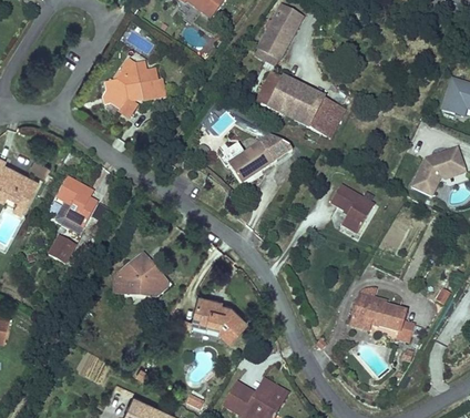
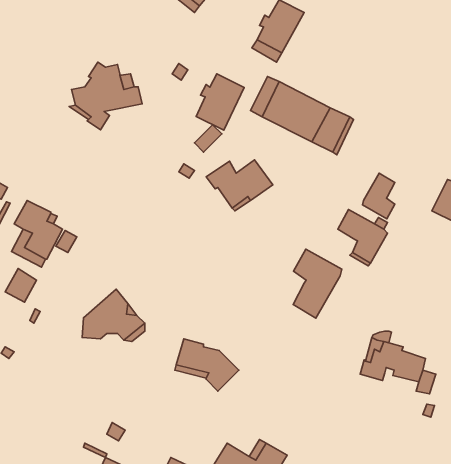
building: none -> [196,74,244,130]
building: [259,134,294,163] -> none
building: none -> [362,173,395,219]
building: none -> [293,249,342,318]

